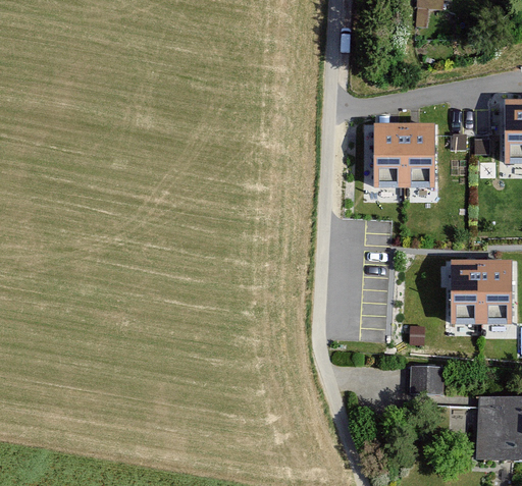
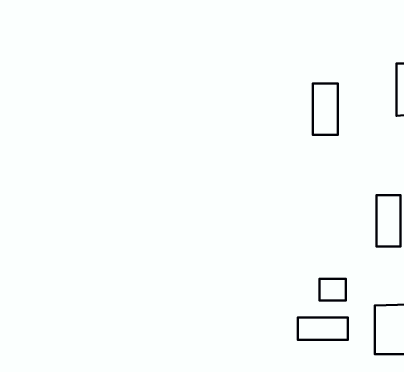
building: [374,124,403,187] -> none
building: [452,262,481,325] -> none
building: none -> [298,317,348,340]

